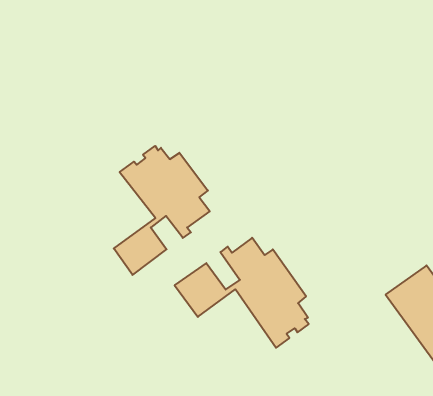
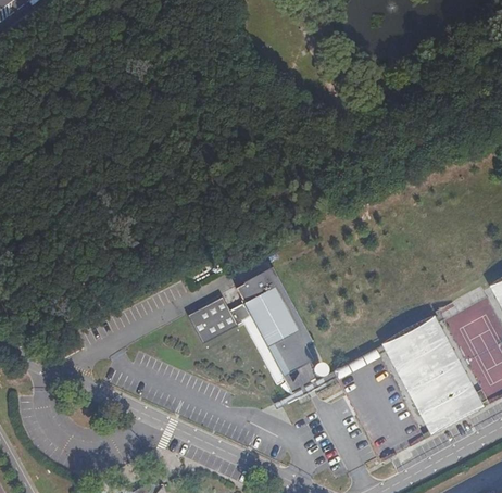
building: [114,146,210,275] -> none

